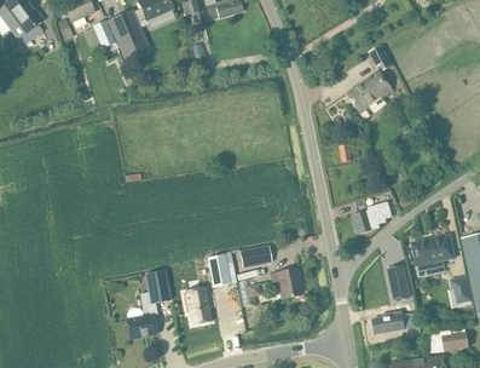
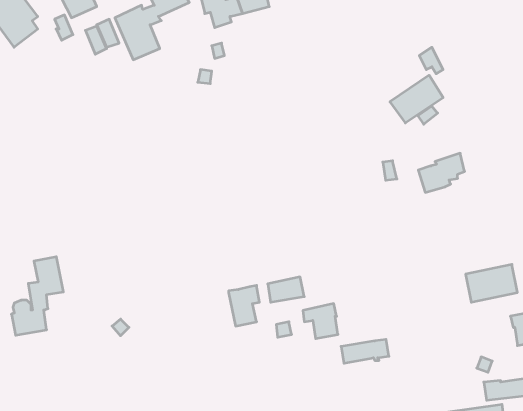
building: [352,200,392,234] -> [418,153,465,192]
building: [387,264,410,299] -> none
building: [126,270,170,338] -> [11,257,63,335]
building: [184,287,210,323] -> none
building: [372,312,414,333] -> [341,339,389,363]

